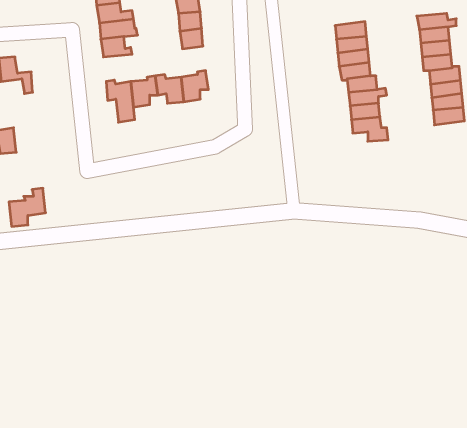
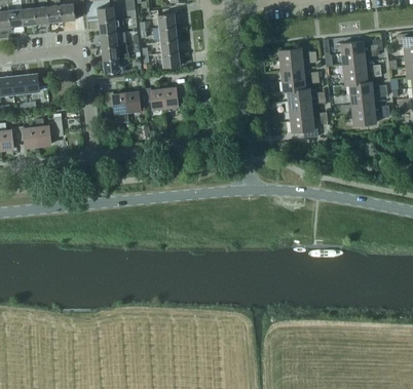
building: [9,188,46,226] -> [36,117,64,146]

